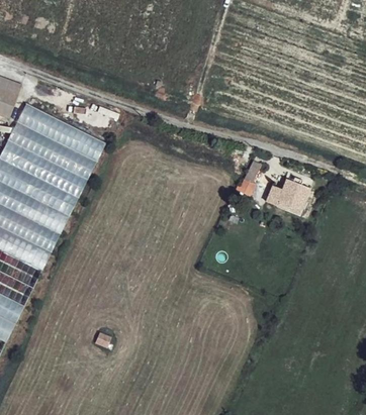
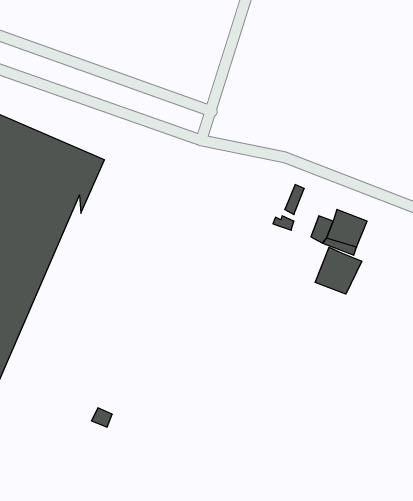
building: none -> [315,247,362,294]

